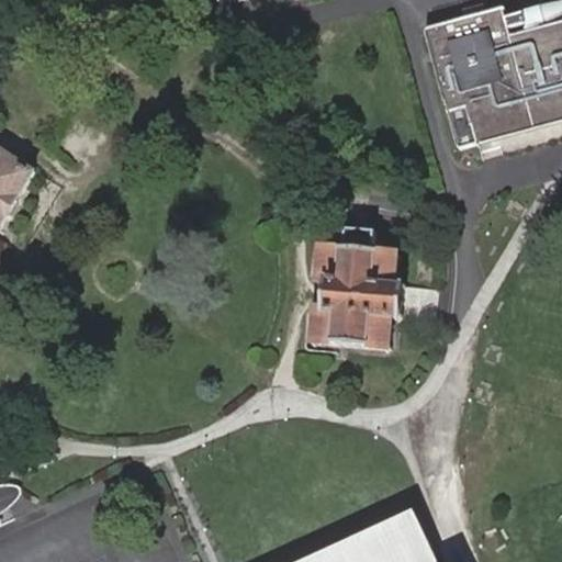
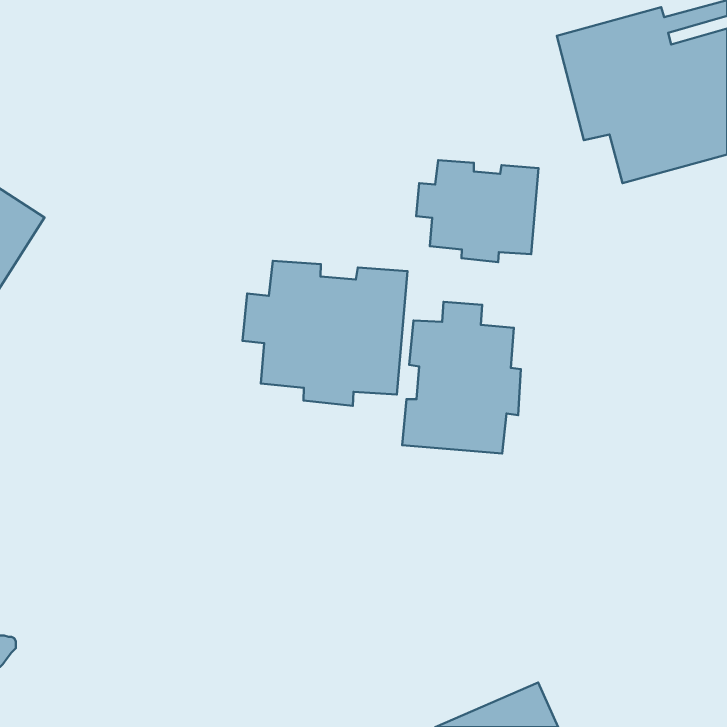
building: none -> [416,160,538,262]
building: none -> [243,261,407,406]

